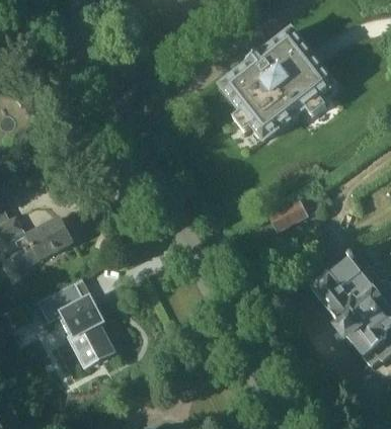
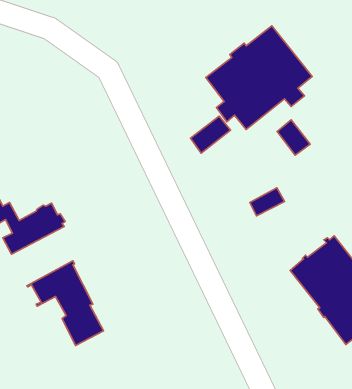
building: none -> [191,116,230,153]
building: none -> [277,120,310,155]

